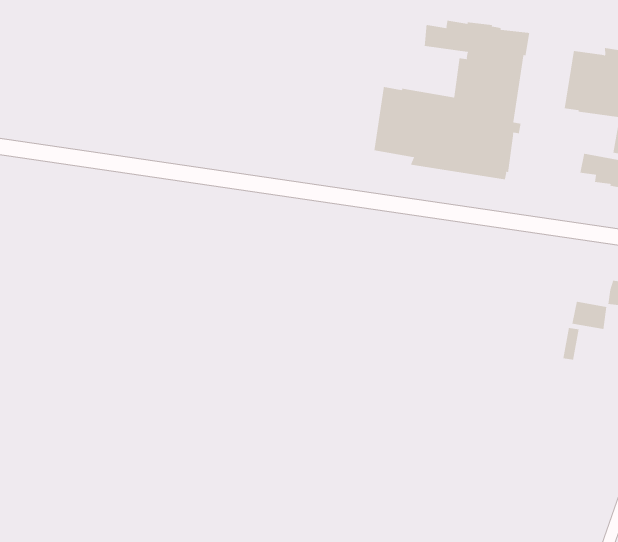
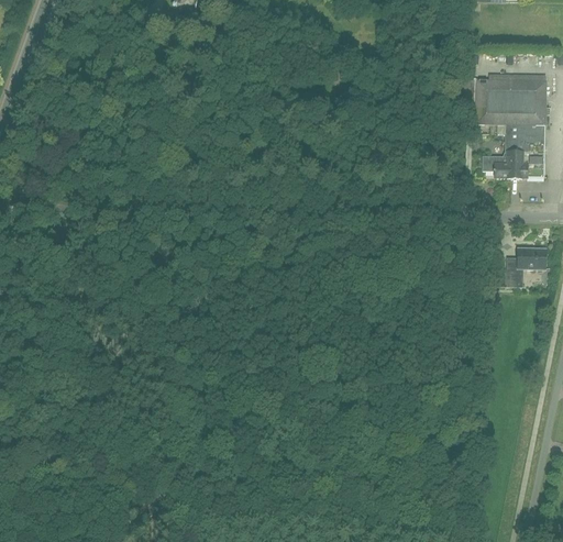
building: [374,20,530,180] -> none

